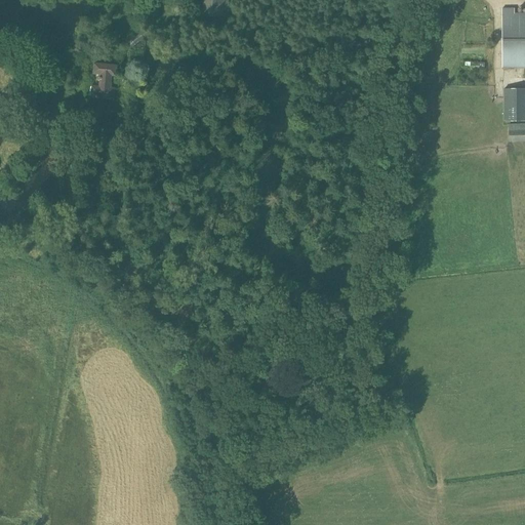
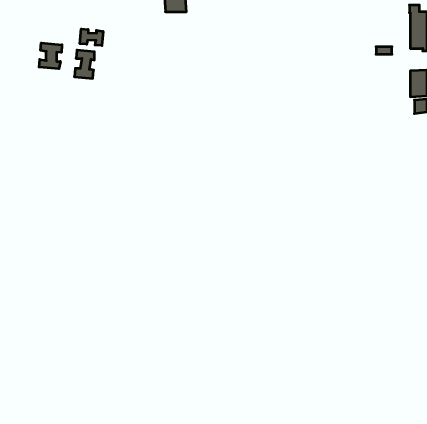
building: none -> [80,29,103,46]
building: none -> [39,43,62,69]

